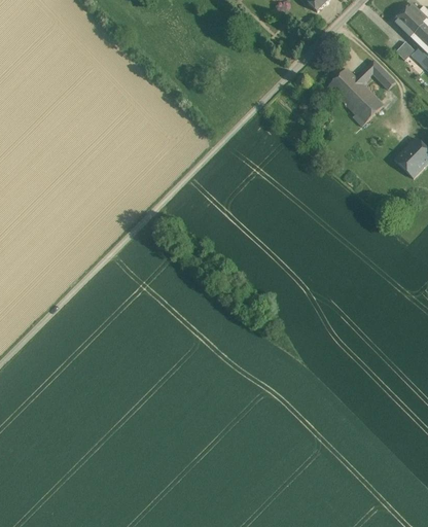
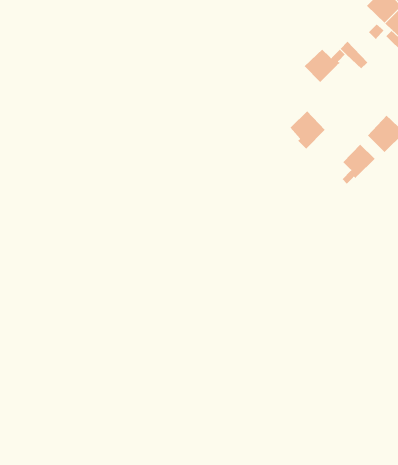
building: [344,84,382,126] -> [289,110,326,149]
building: none -> [342,144,375,184]

